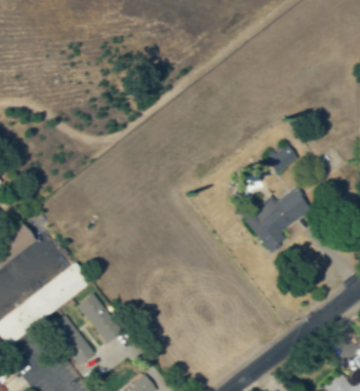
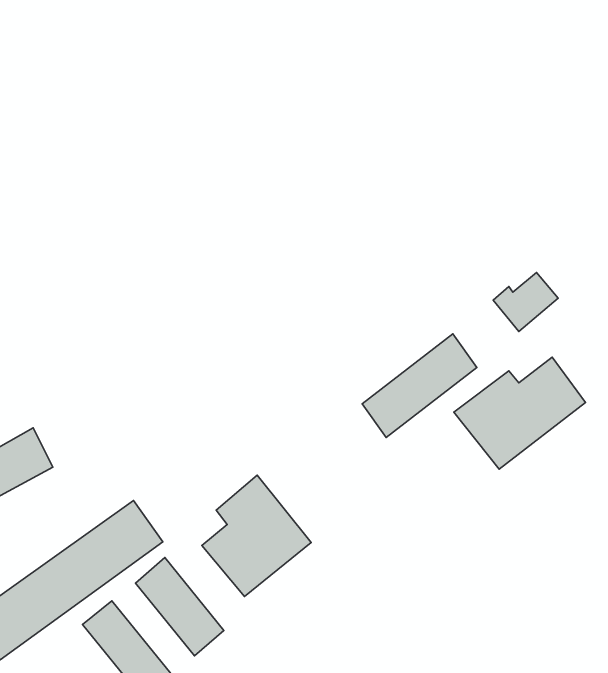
building: none -> [362,334,477,438]
building: none -> [202,475,311,597]

